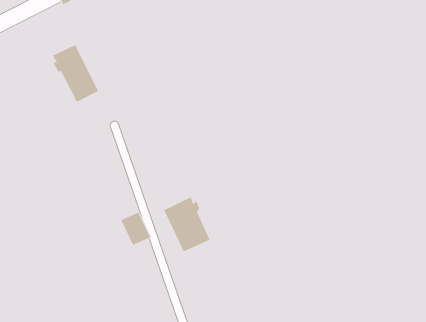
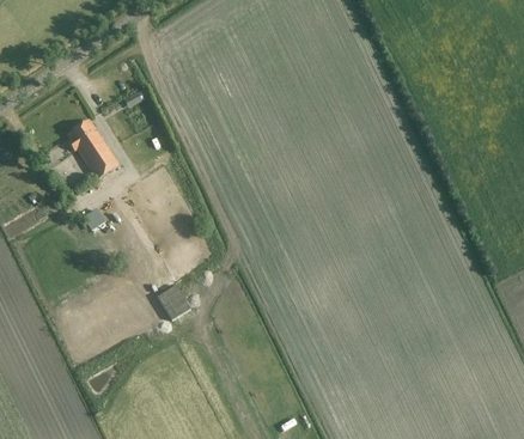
building: [163,196,210,252] -> none

